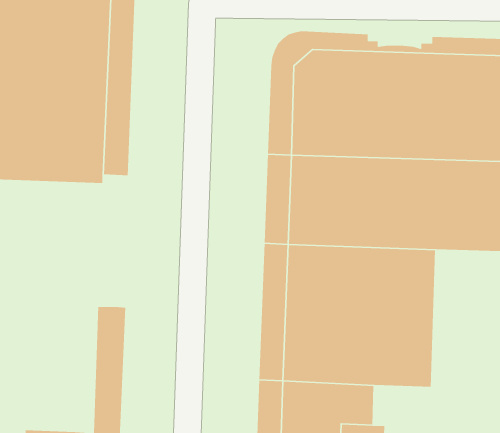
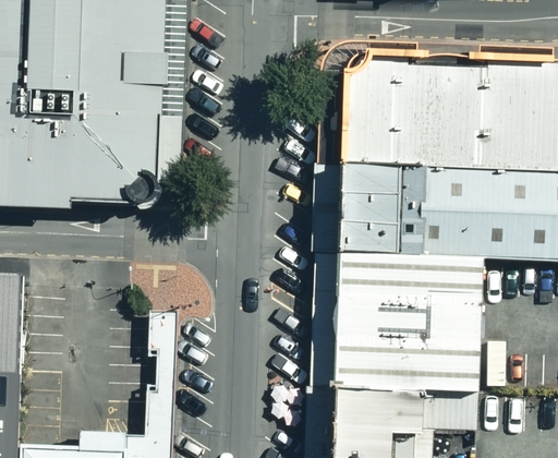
building: none -> [421,398,478,439]

